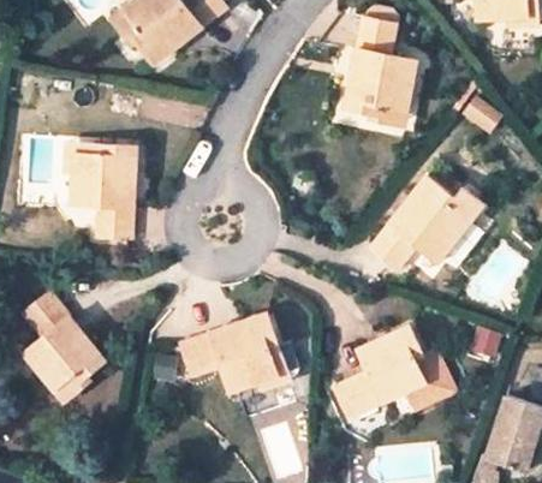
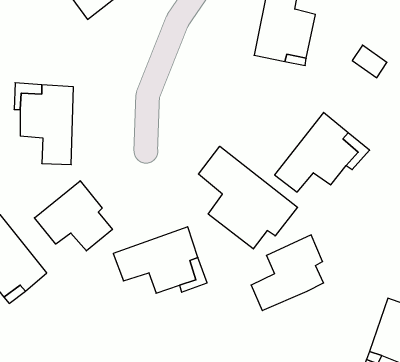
building: none -> [198,146,298,249]
building: none -> [34,181,112,251]
building: [409,345,458,404] -> none

